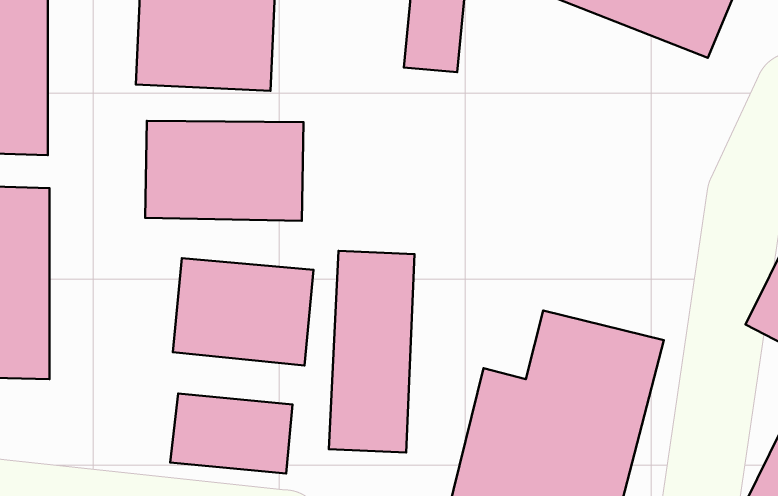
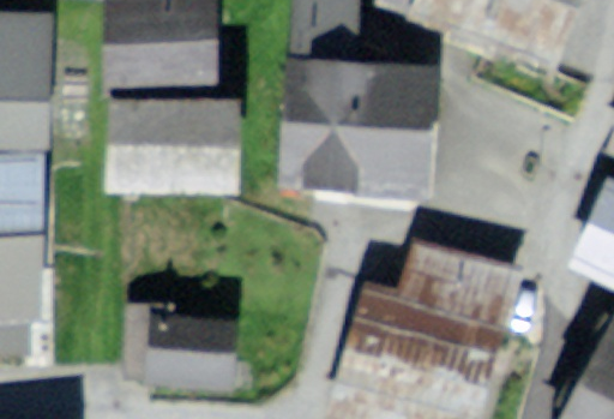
building: none -> [285,64,428,178]
building: [329,251,414,452] -> none
building: [173,258,314,365] -> none

